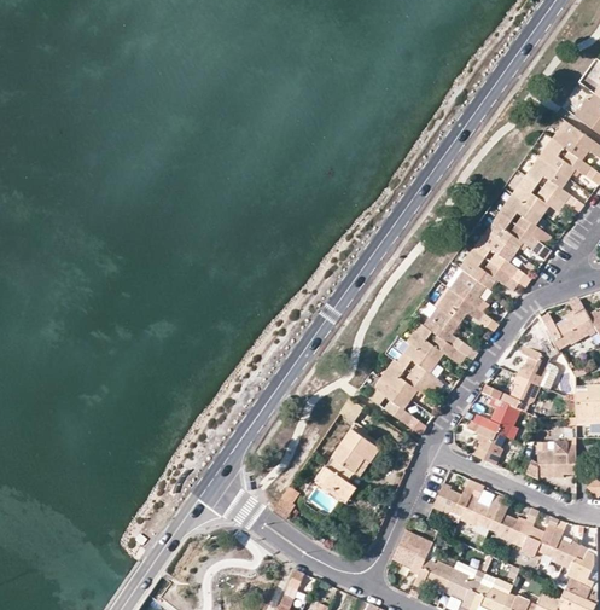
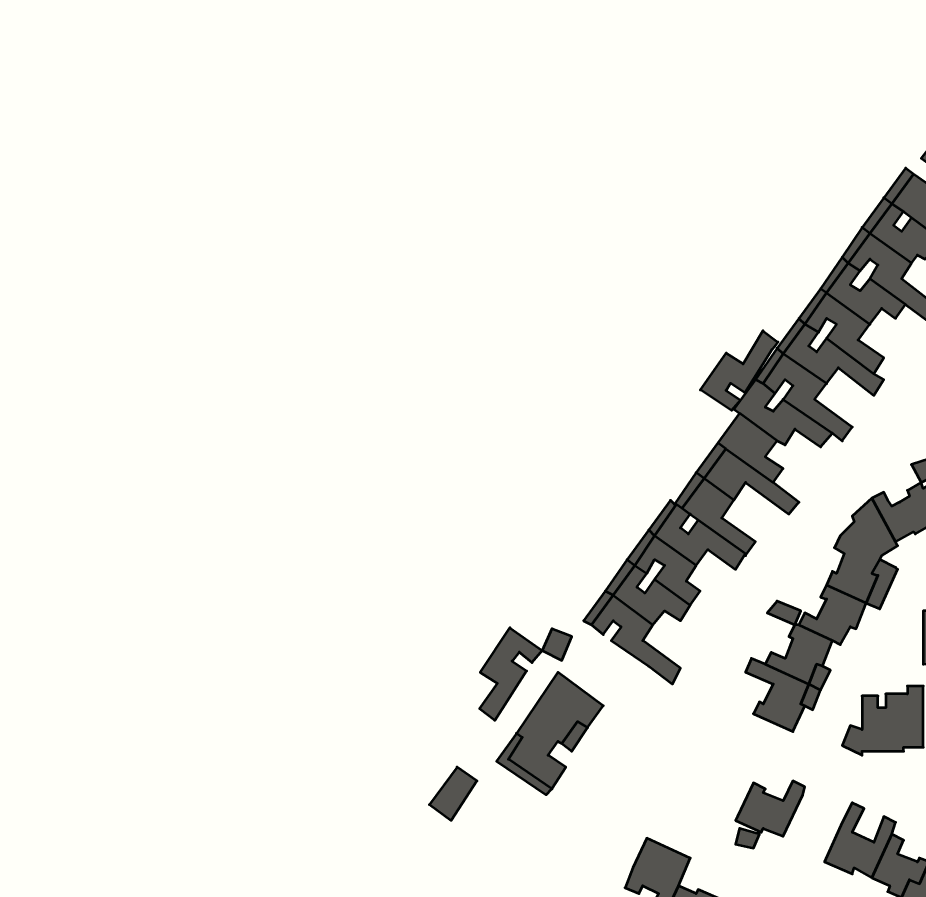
building: none -> [700,331,778,410]
building: none -> [480,628,542,720]
building: [433,482,474,516] -> none
building: [490,502,526,544] -> none

